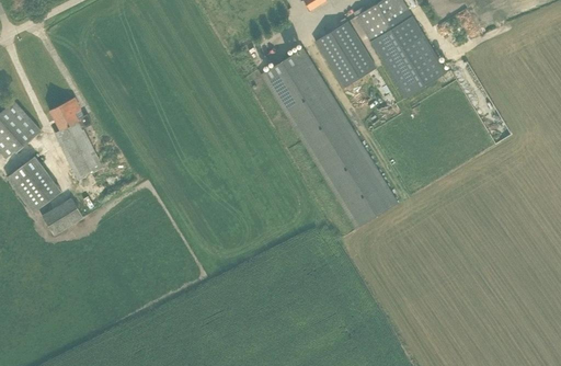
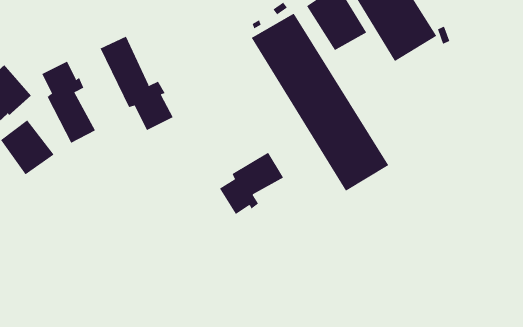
building: none -> [100,36,174,131]
building: none -> [219,152,284,215]
building: [43,196,83,233] -> none

